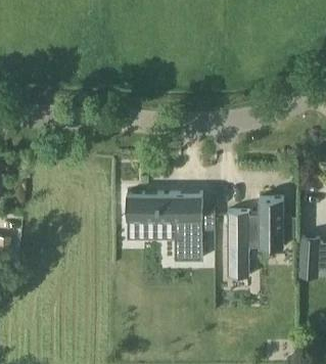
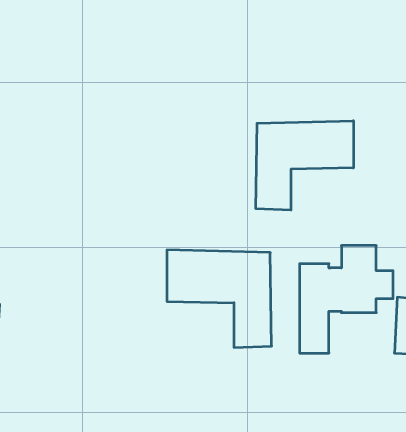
building: none -> [256,121,353,210]

